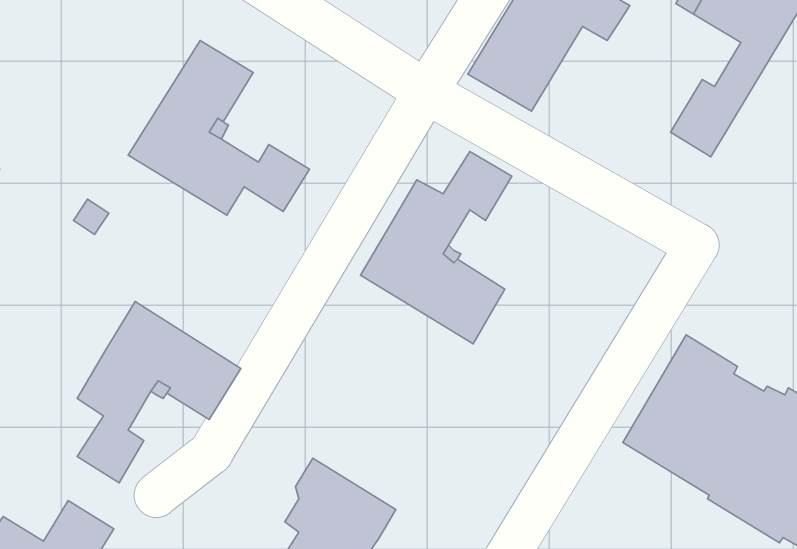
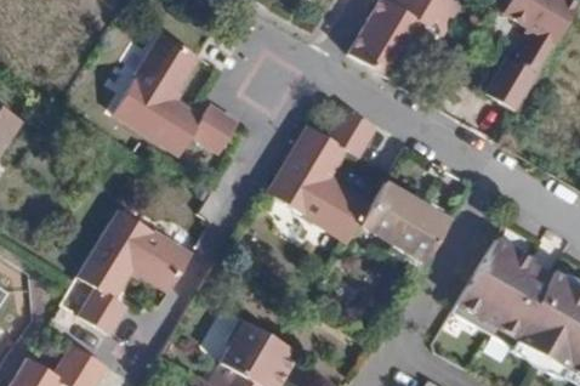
building: none -> [358,183,448,263]

